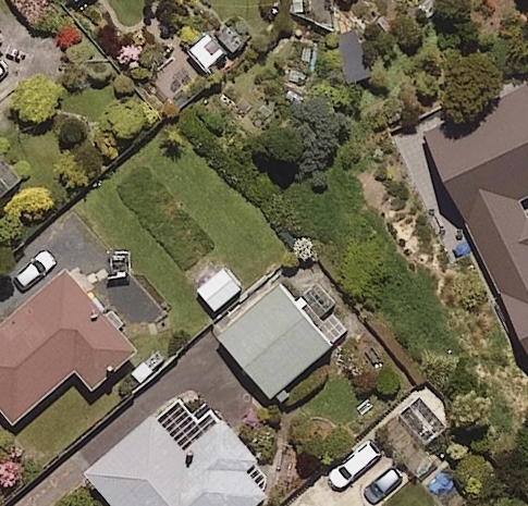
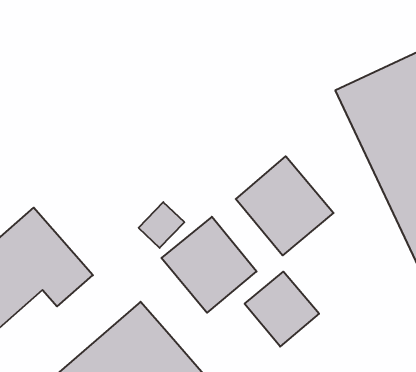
building: none -> [236,156,334,255]
building: none -> [245,272,319,347]

